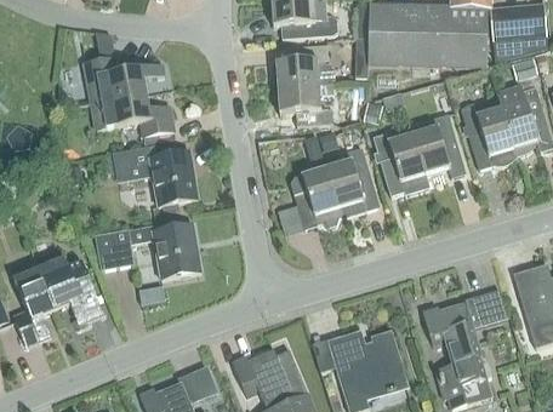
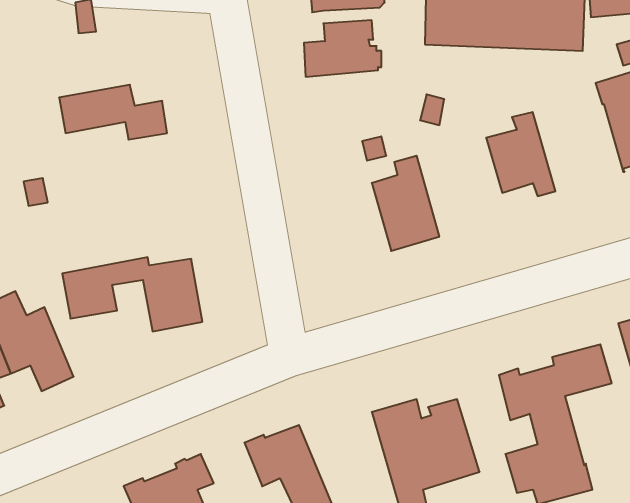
building: [85,58,164,103] -> none
building: [278,82,333,124] -> none
building: [461,104,517,170] -> none
building: [374,132,431,196] -> none
building: [113,144,198,206] -> none
building: [290,167,342,229] -> none

